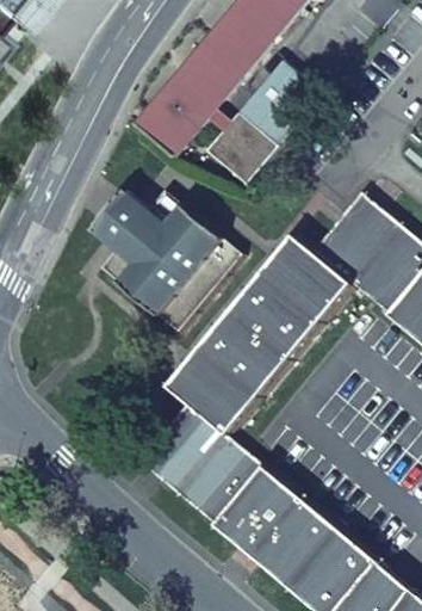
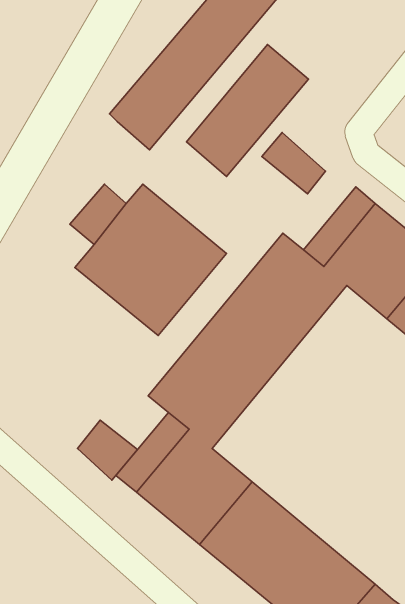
building: none -> [262,132,325,194]
building: none -> [77,420,137,480]

